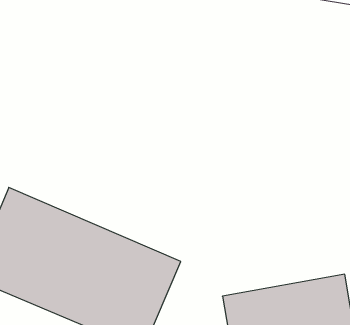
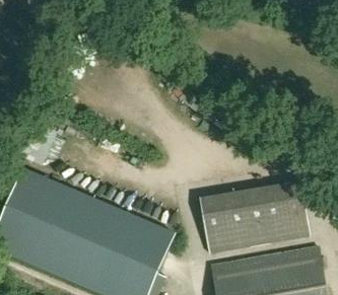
building: none -> [199,180,310,251]

